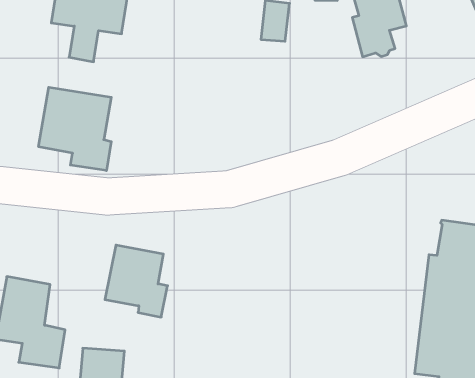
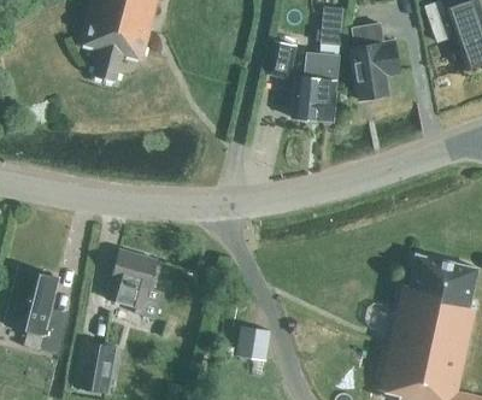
building: none -> [289,52,339,125]
building: [39,87,111,171] -> none
building: none -> [235,324,269,359]

